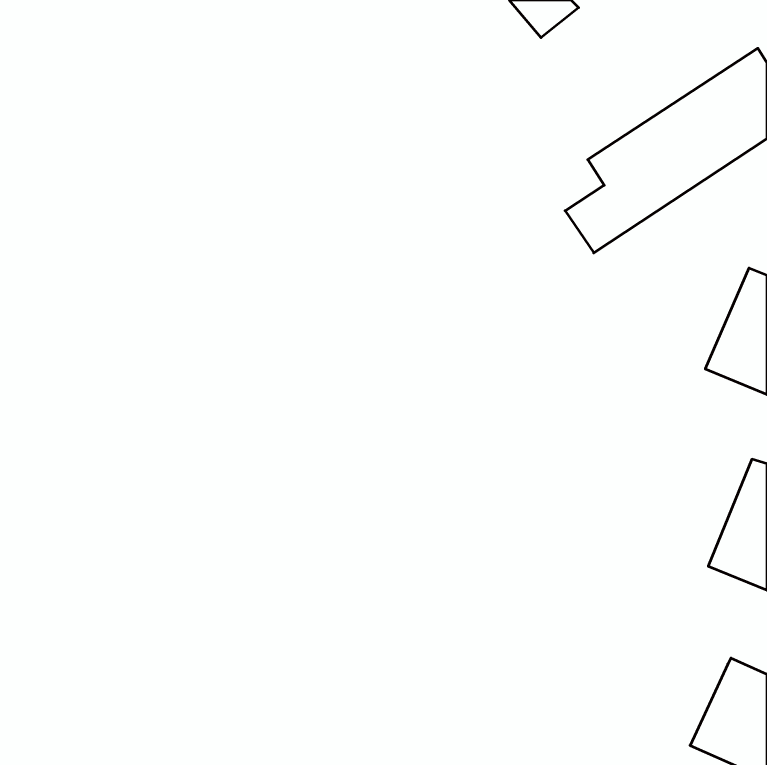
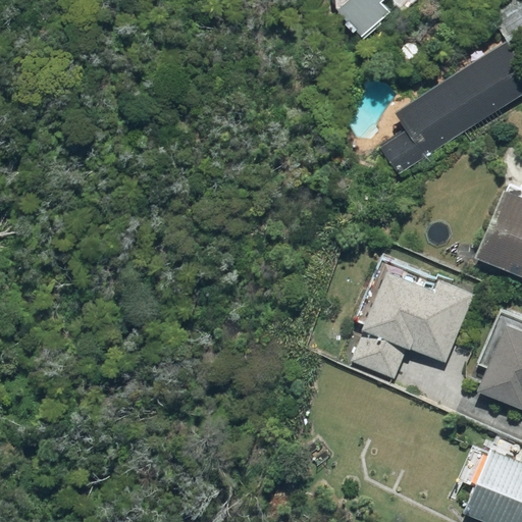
building: none -> [350,257,476,379]

